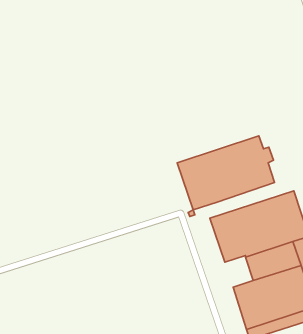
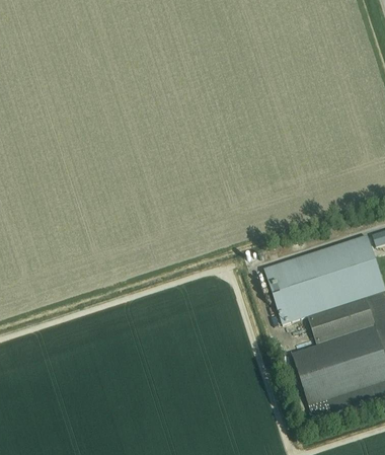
building: [177,136,274,210] -> none

